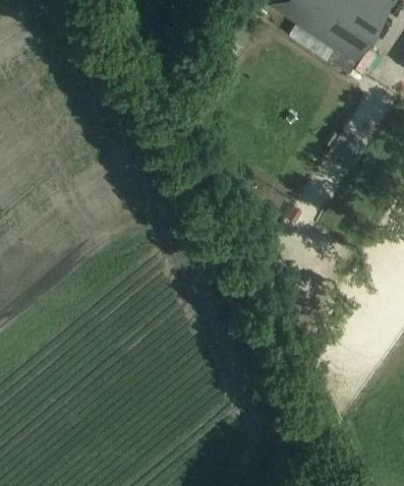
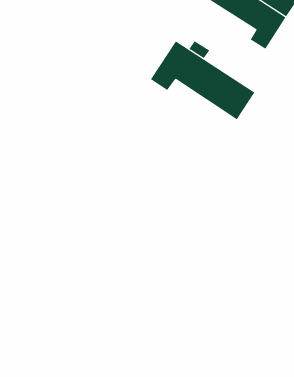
building: none -> [150,40,255,120]

